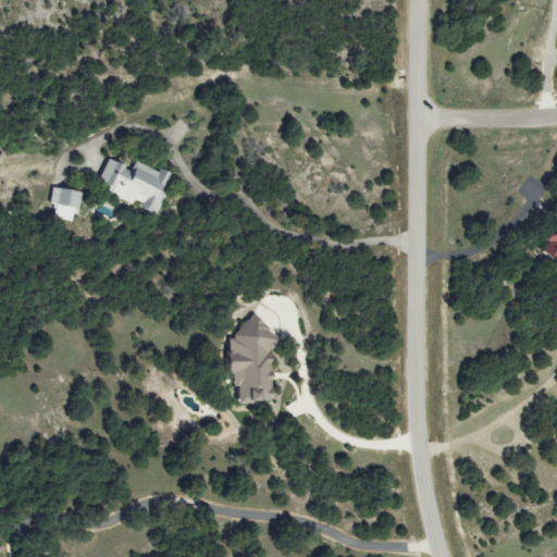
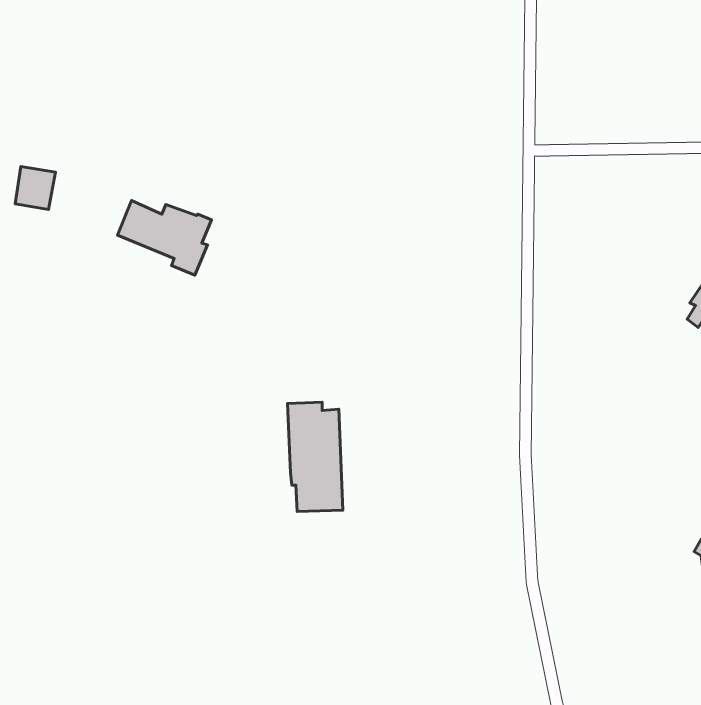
building: [49,187,81,221] -> [15,167,55,209]

